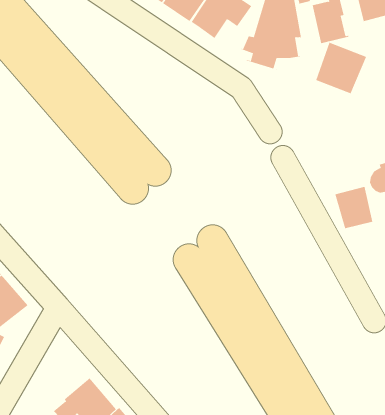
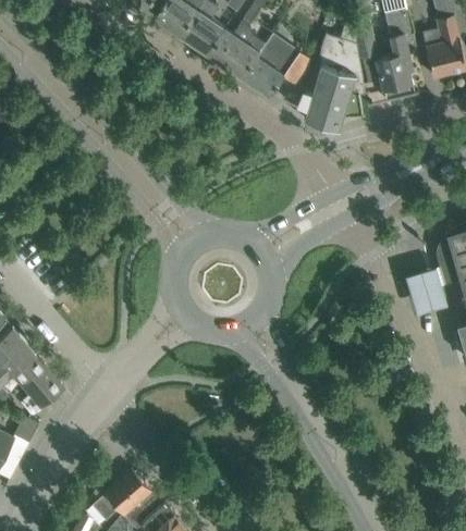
building: [315,42,367,94] -> none

